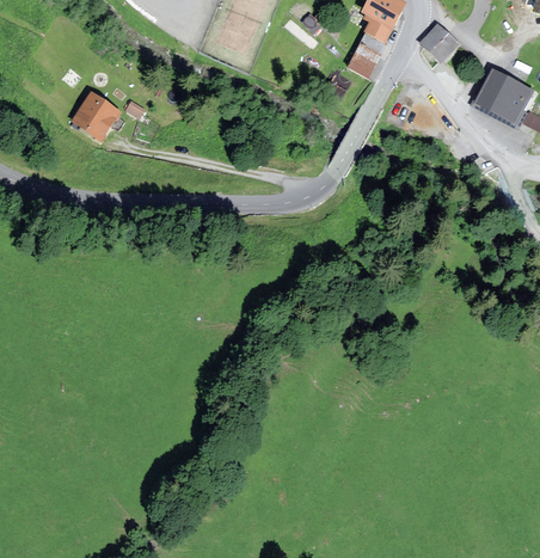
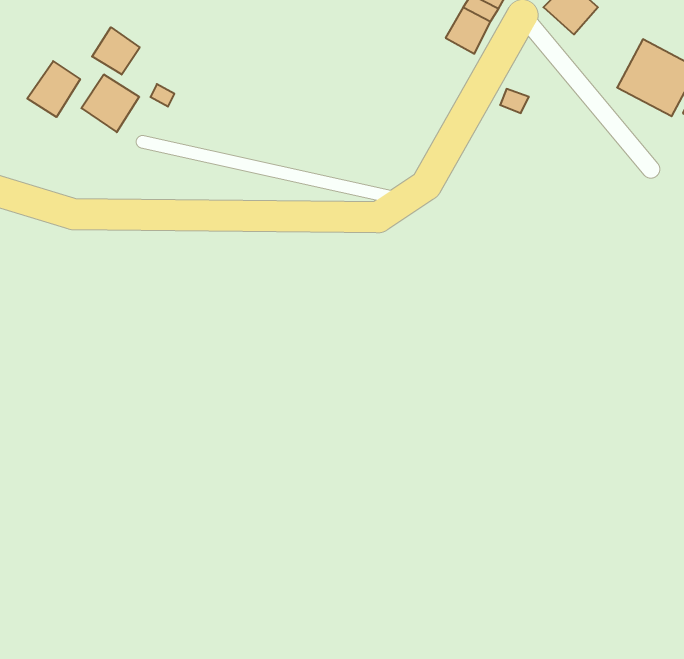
building: none -> [92,27,140,75]
building: none -> [27,61,80,117]

